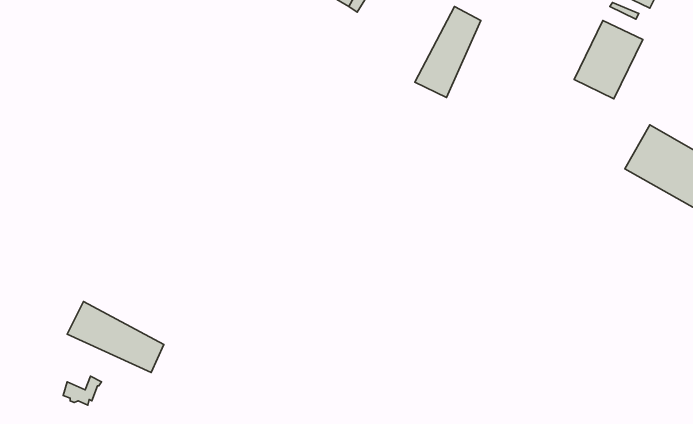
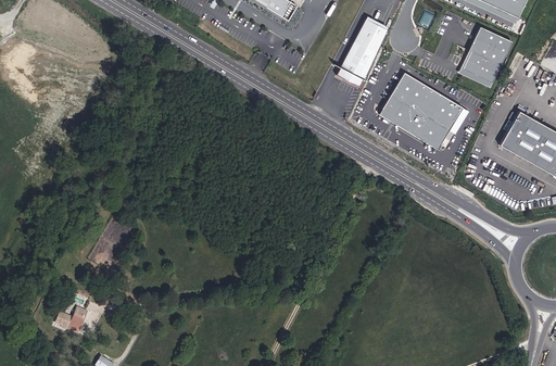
building: none -> [380,73,464,150]
building: [67,302,164,372] -> none

